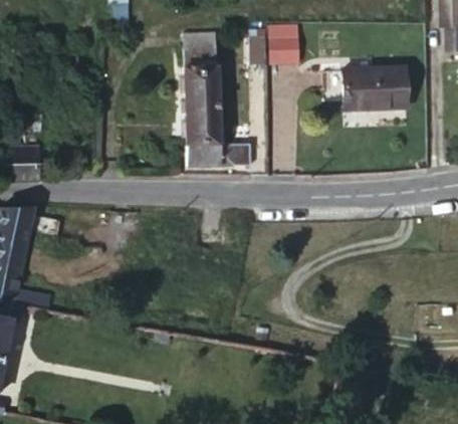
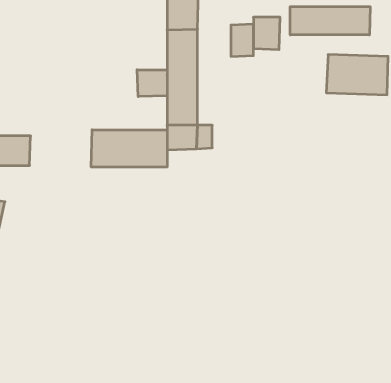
building: none -> [290,7,370,35]
building: none -> [137,70,167,97]
building: none -> [91,130,167,167]

